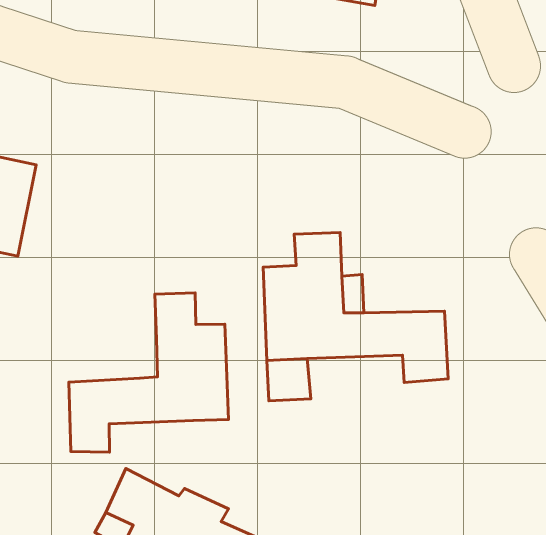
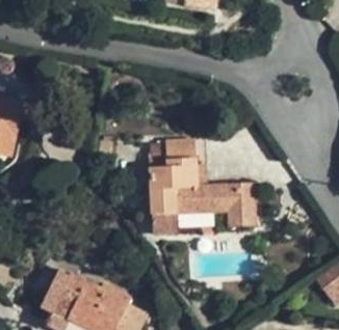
building: [69,293,229,452] -> none

